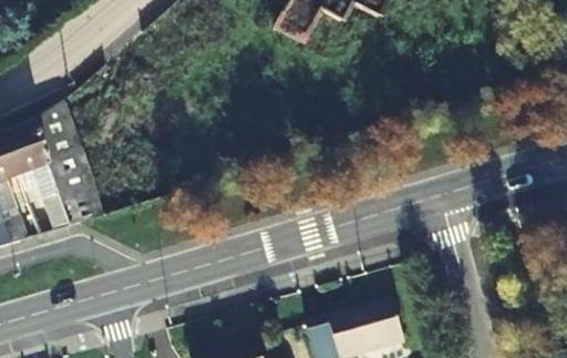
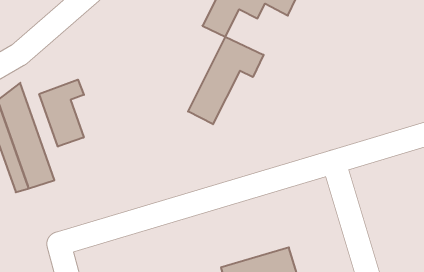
building: none -> [188,37,264,124]
building: none -> [39,80,84,147]

